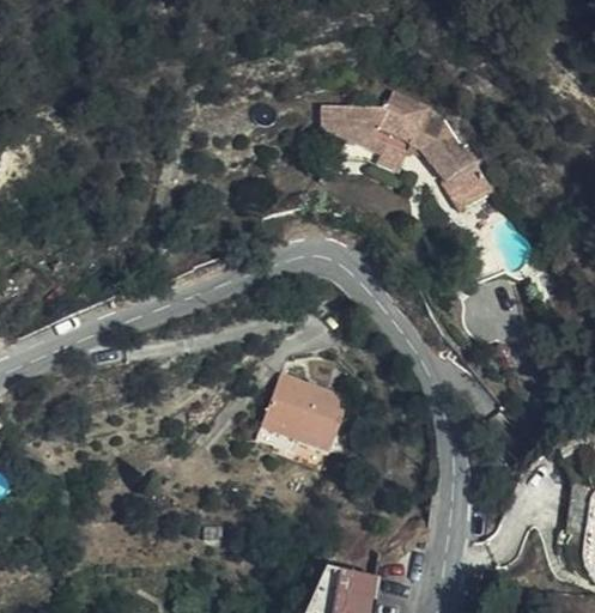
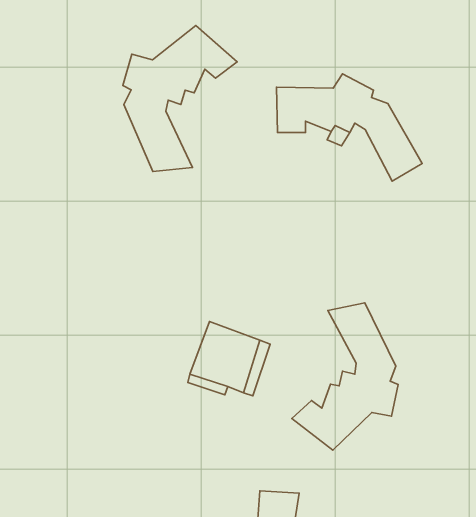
building: none -> [123,26,237,171]
building: none -> [292,303,398,450]

